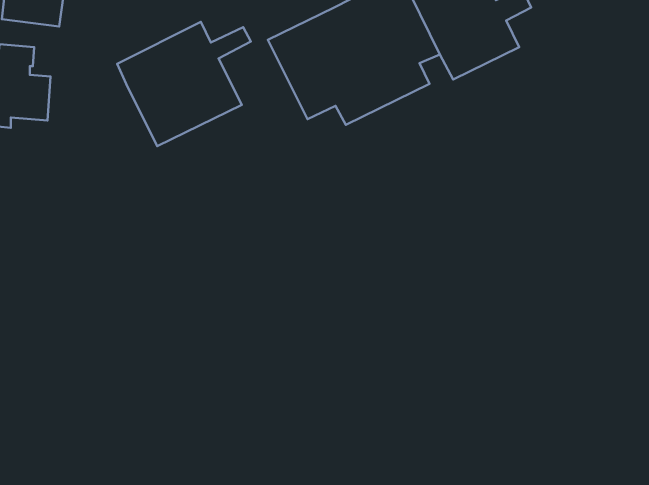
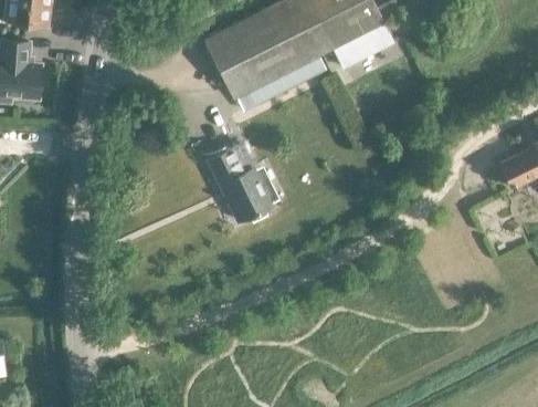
building: [117,22,251,146] -> none
building: none -> [210,145,272,221]

